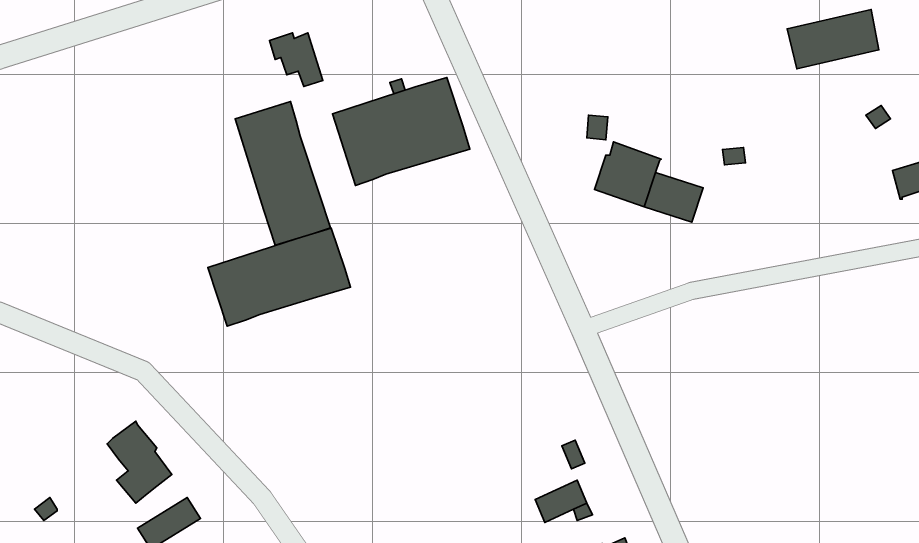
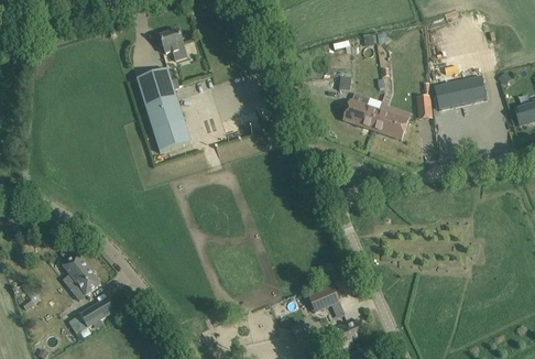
building: [787,10,879,69] -> [433,75,485,109]
building: [332,78,470,186] -> none
building: [208,228,350,326] -> none

